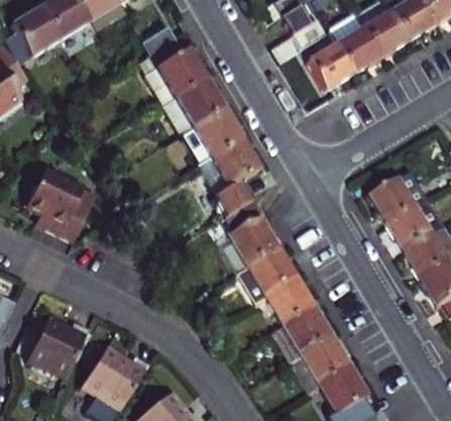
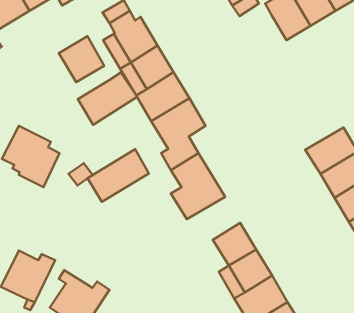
building: [309,45,352,89] -> none
building: none -> [59,36,104,82]
building: none -> [78,72,137,125]
building: none -> [88,149,149,202]
building: [239,250,300,306] -> none

